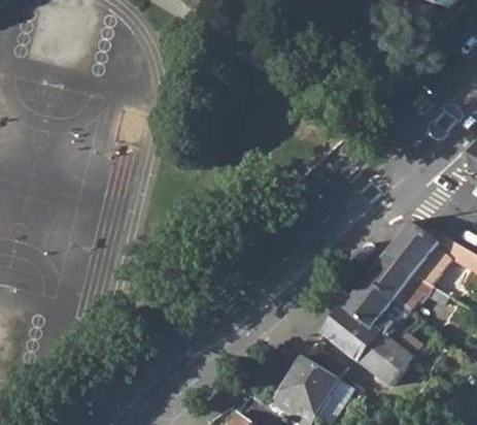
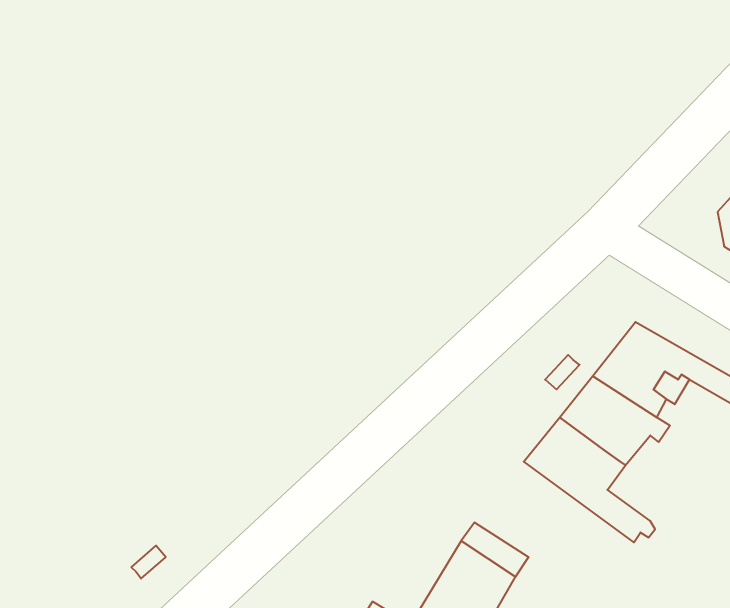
building: [321,307,411,385] -> none

